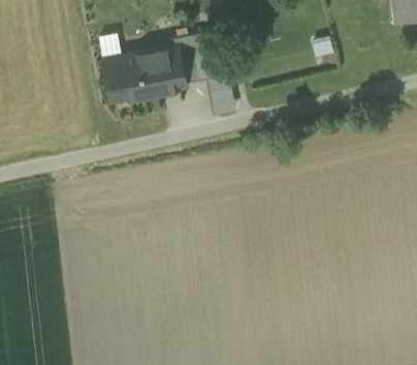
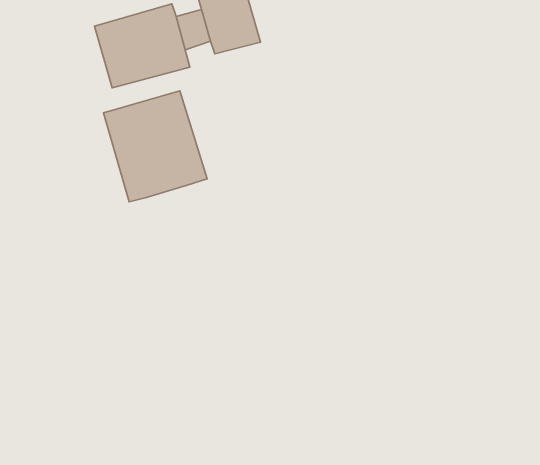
building: none -> [104,91,207,202]

